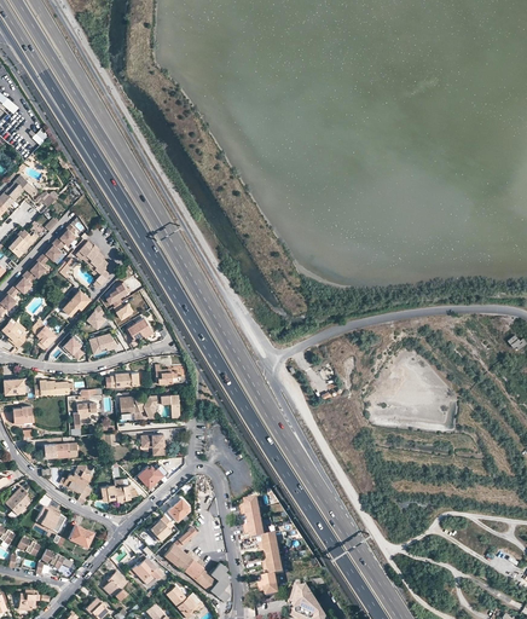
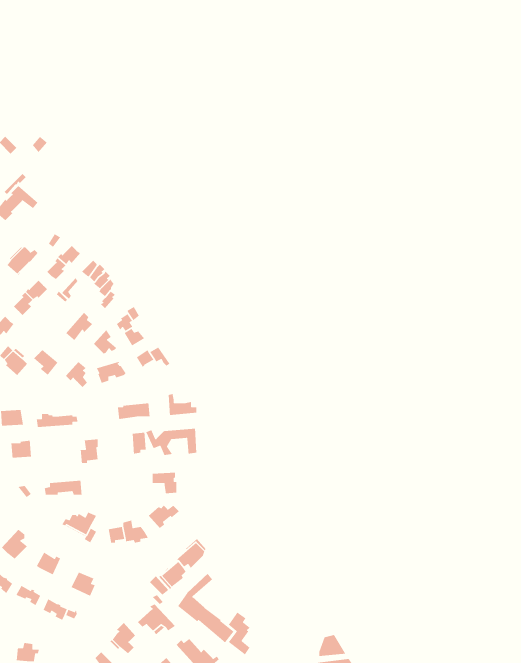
building: [239,497,284,595] -> none

